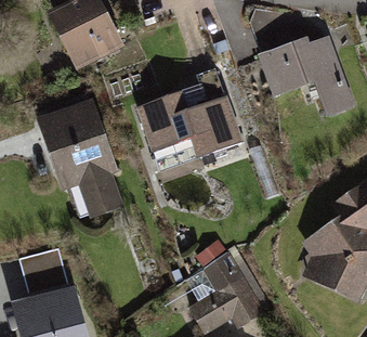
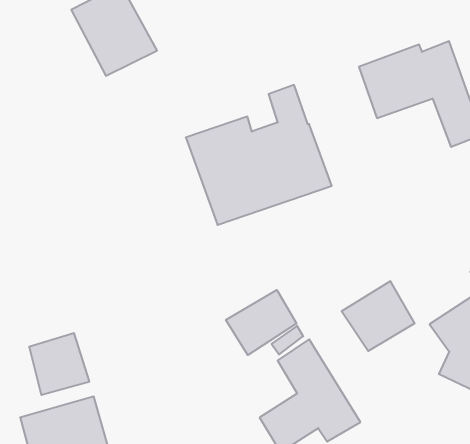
building: [44,106,118,215] -> none
building: none -> [342,281,415,351]
building: none -> [226,290,296,355]

